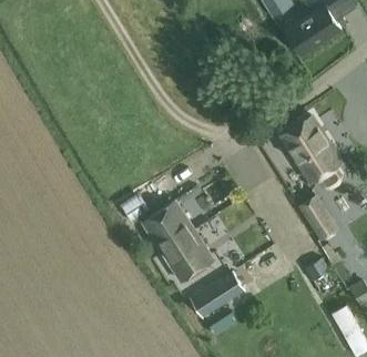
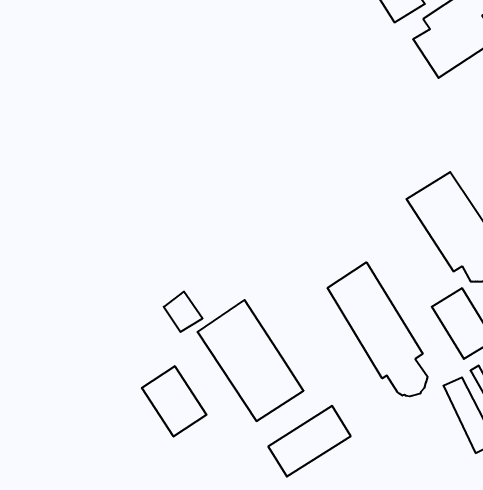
building: none -> [328,262,428,396]
building: none -> [142,366,206,437]

